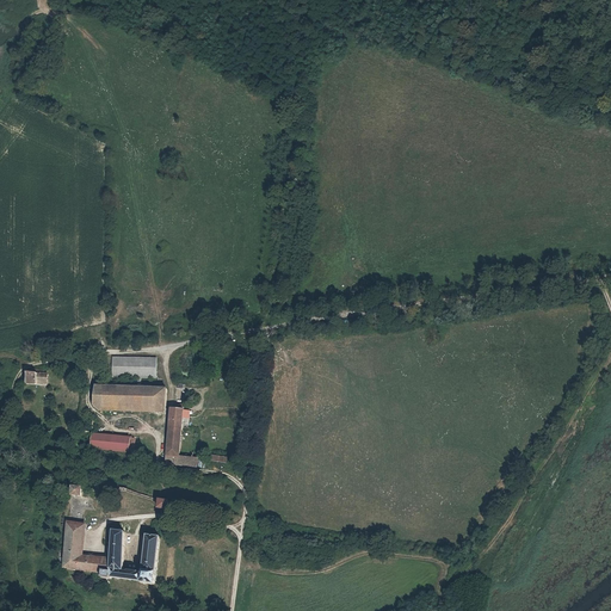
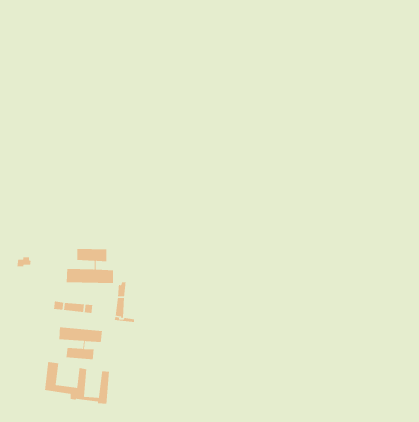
building: none -> [58,327,103,360]

